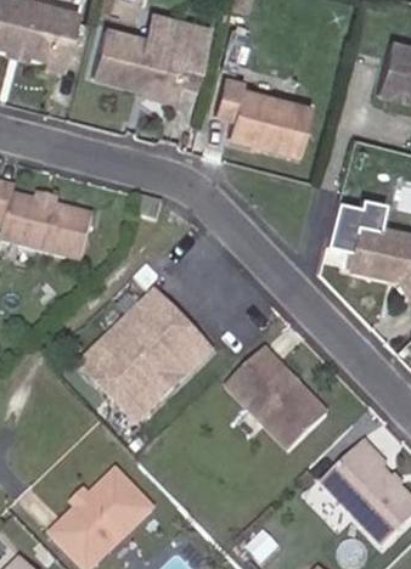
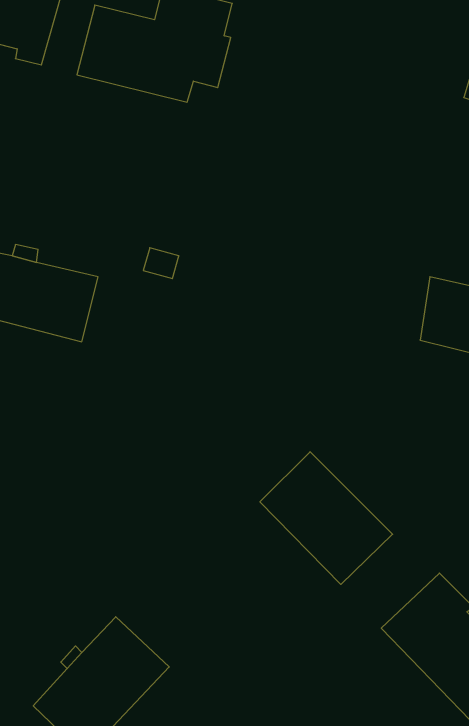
building: [212,67,310,146] -> none
building: [81,300,212,429] -> none

